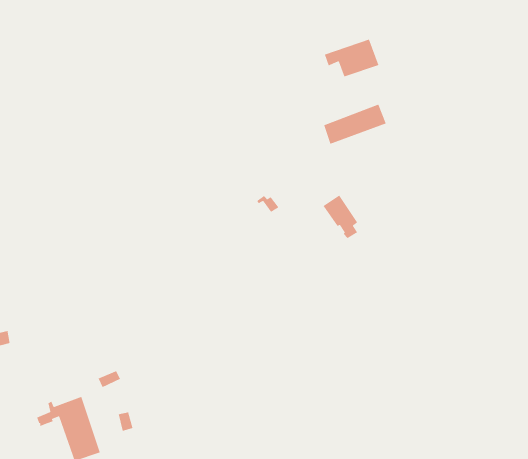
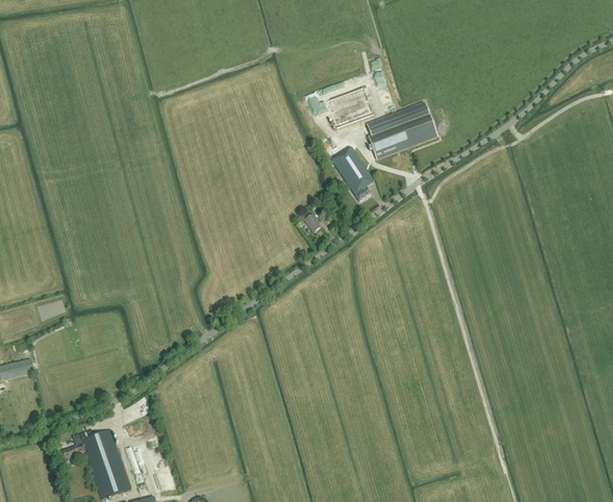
building: [324,39,380,78] -> [314,85,374,127]
building: [323,195,358,239] -> [333,151,371,199]

